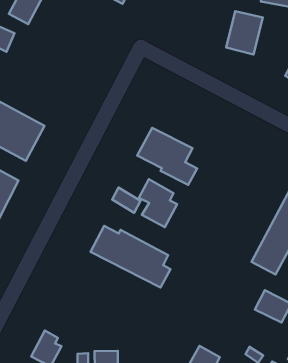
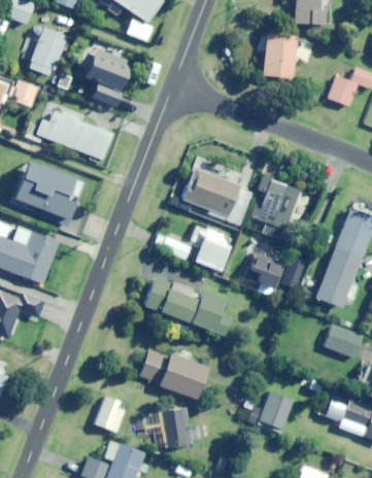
building: none -> [84,48,128,103]
building: none -> [37,102,112,160]
building: none -> [246,169,299,240]
building: none -> [242,251,298,289]
building: none -> [139,349,209,400]

